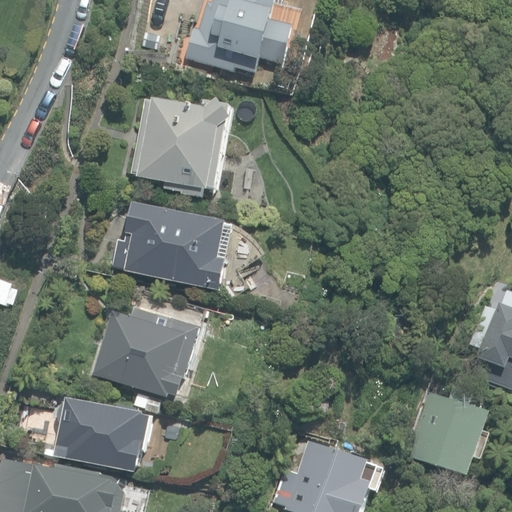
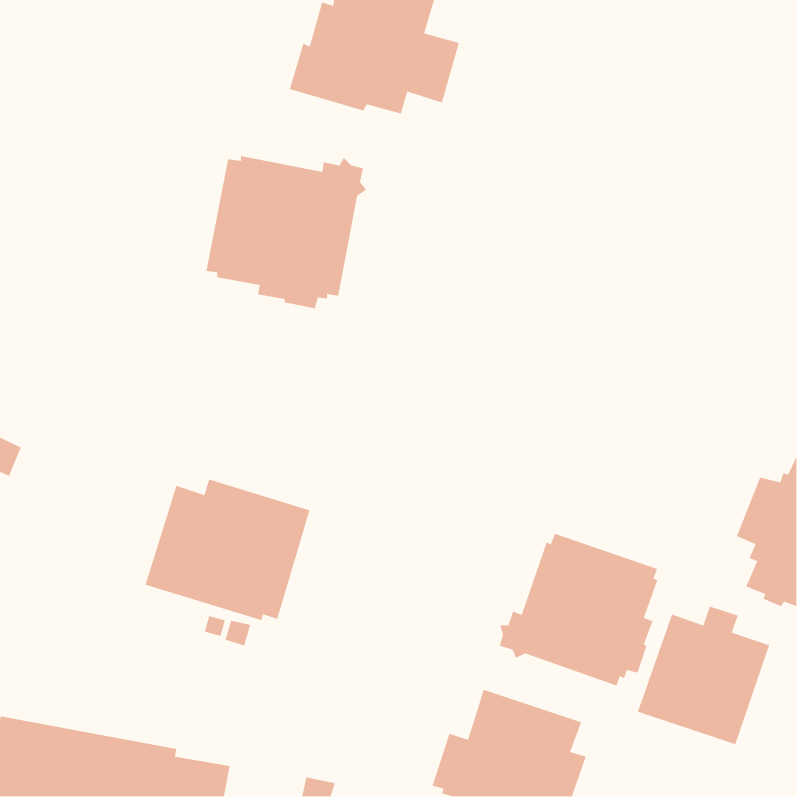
building: [111,204,226,289] -> none
building: none -> [499,533,658,687]
building: [55,395,151,471] -> none

